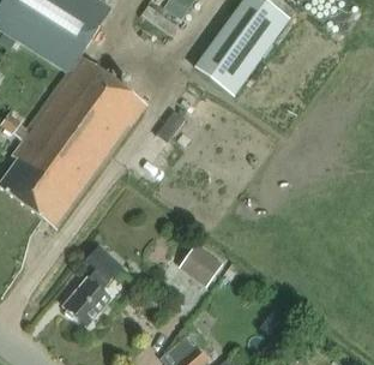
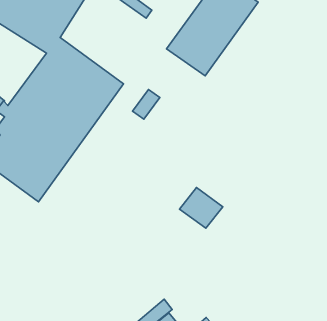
building: [64,244,122,325] -> none
building: [177,244,223,287] -> [180,187,223,228]

